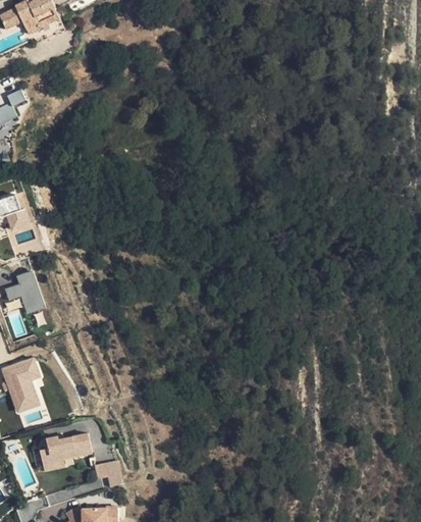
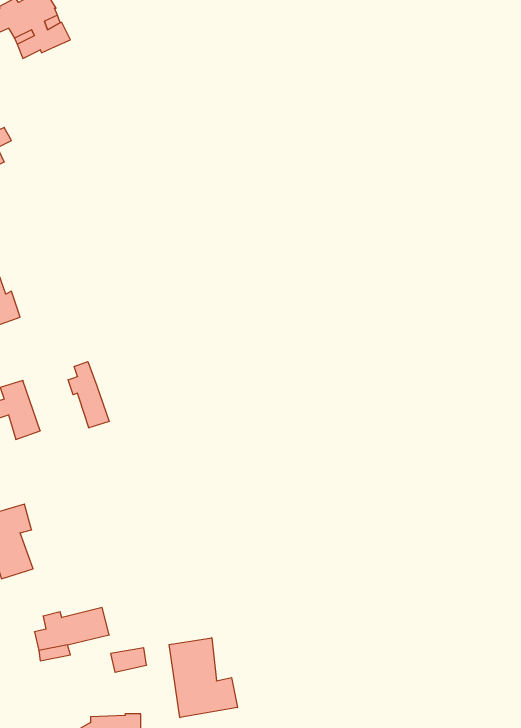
building: none -> [68,362,109,428]
building: none -> [169,638,237,718]

